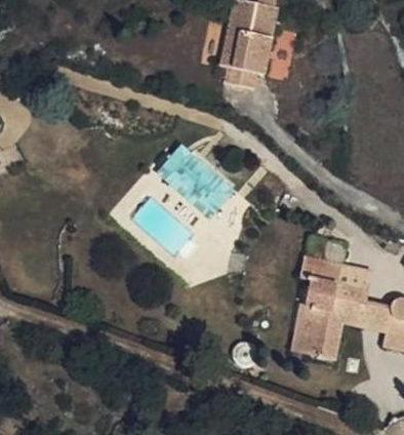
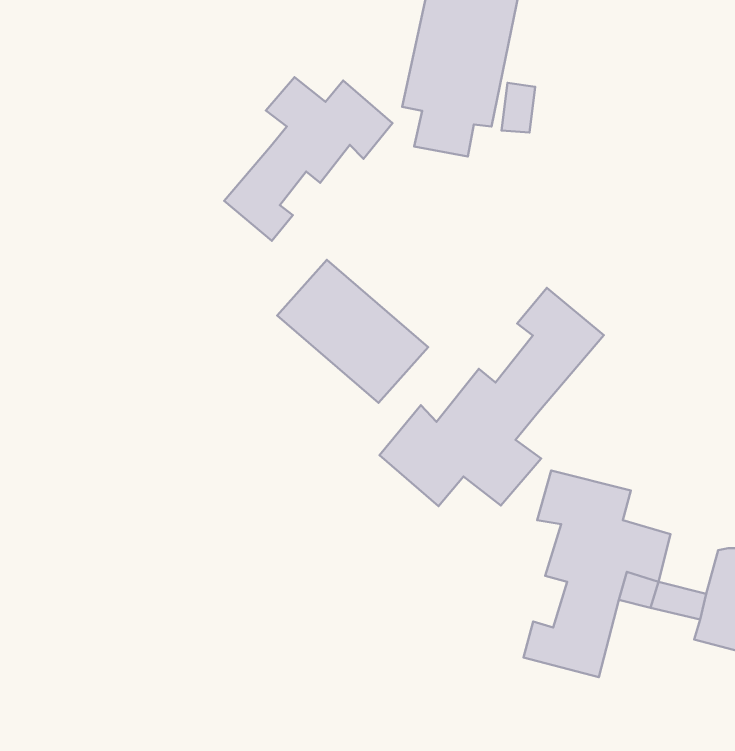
building: none -> [224,77,393,241]
building: none -> [380,288,604,506]

